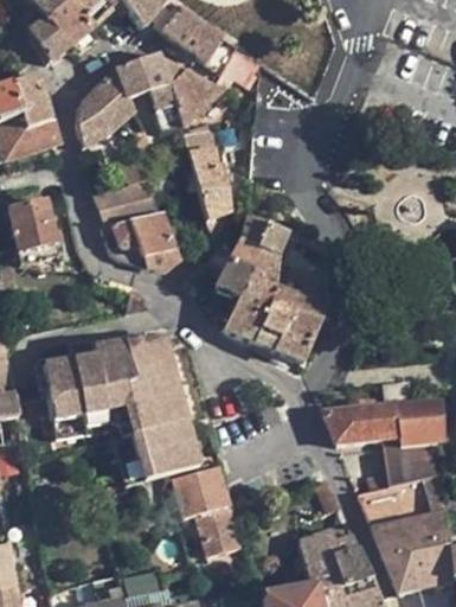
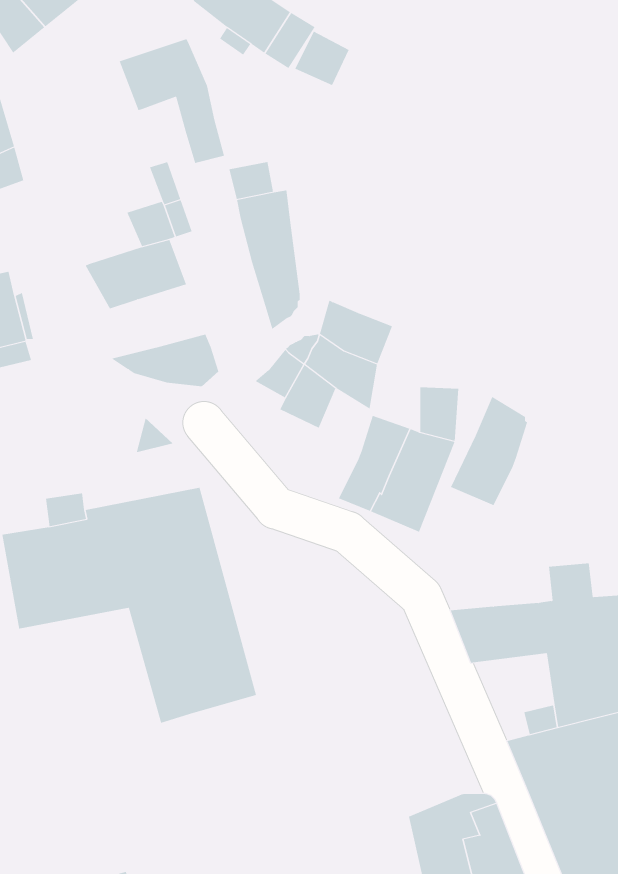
building: [159,56,224,127] -> none
building: [77,68,135,149] -> none
building: [101,207,169,254] -> none
building: [225,273,274,341] -> [450,396,528,506]
building: [172,468,238,557] -> none

